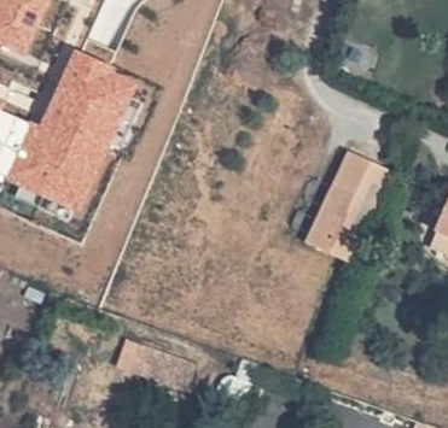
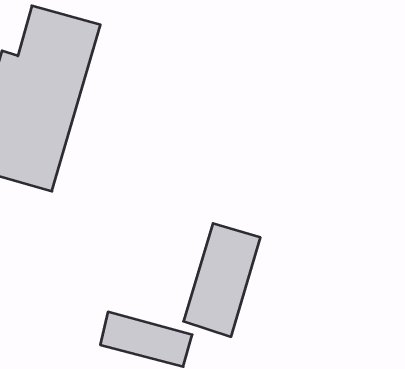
building: [298,166,377,274] -> [183,223,260,337]

